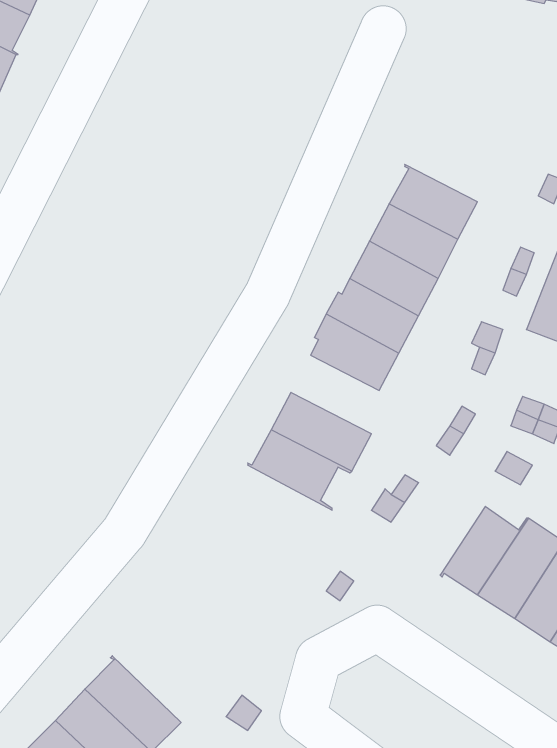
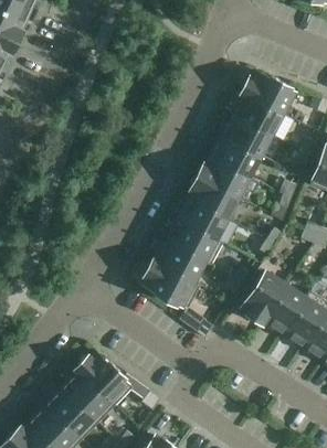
building: none -> [241,72,294,114]
building: none -> [177,200,226,244]
building: none -> [143,262,200,309]
building: none -> [241,271,286,323]
building: none -> [76,352,133,406]

